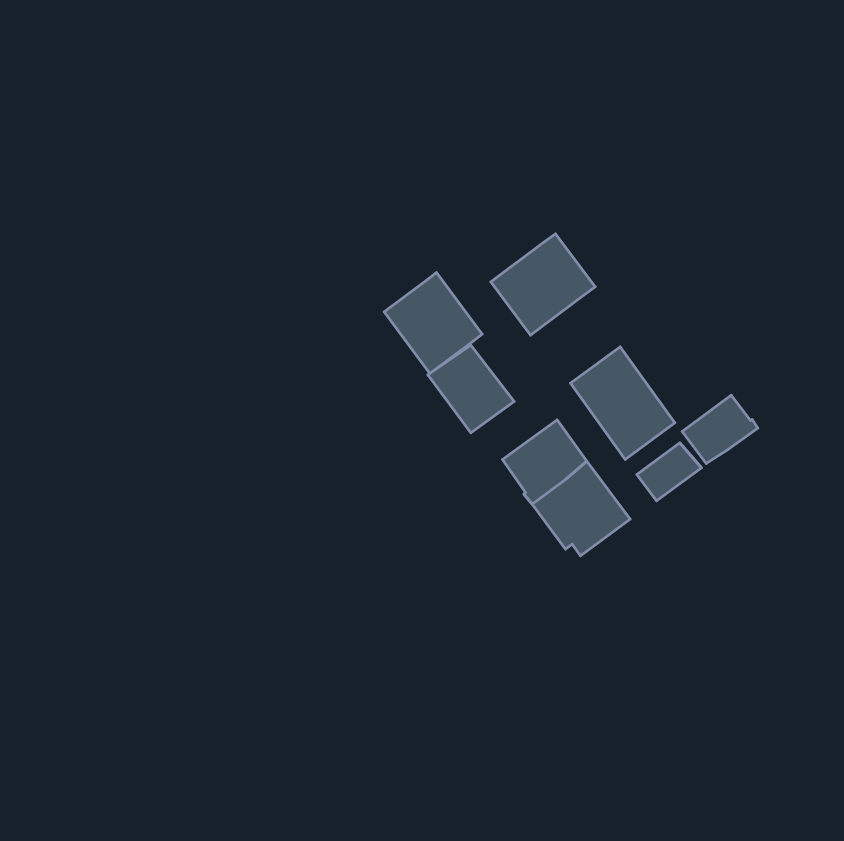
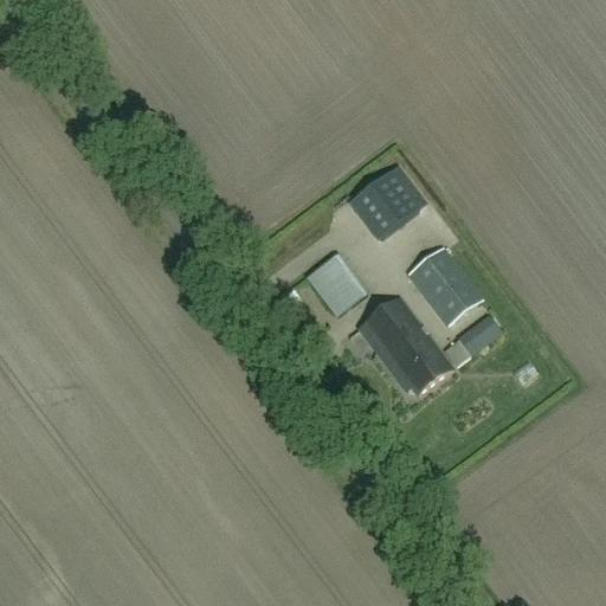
building: [384,272,482,373] -> none
building: [682,395,758,464] -> none

